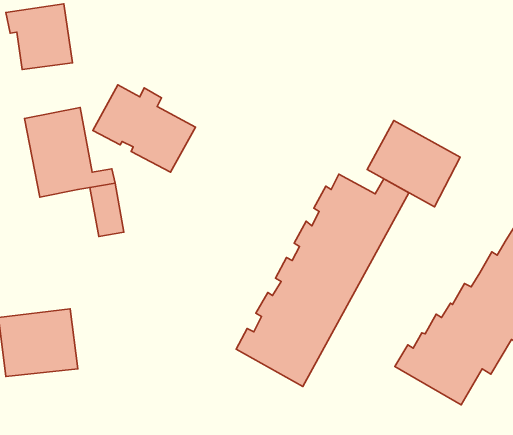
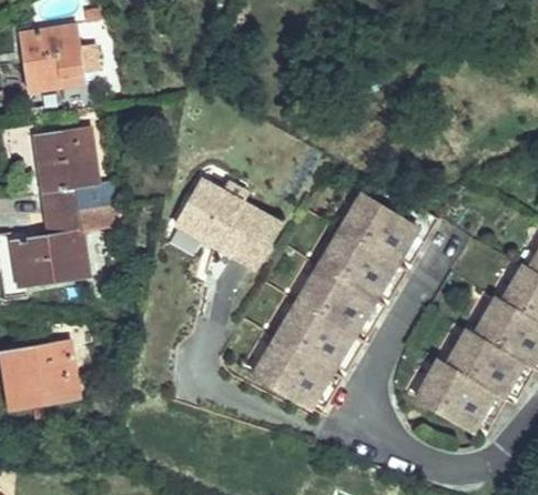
building: [93,85,195,172] -> [182,184,286,273]
building: [367,121,460,207] -> none
building: none -> [13,212,99,293]

